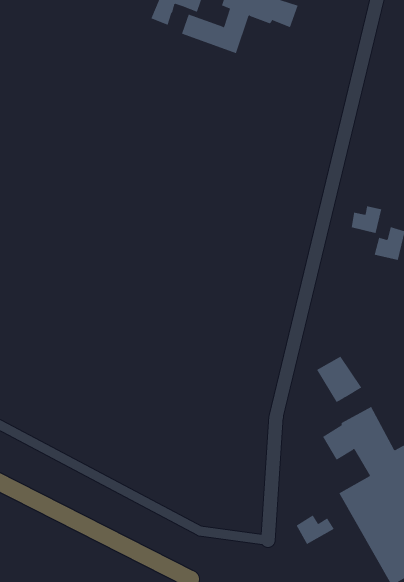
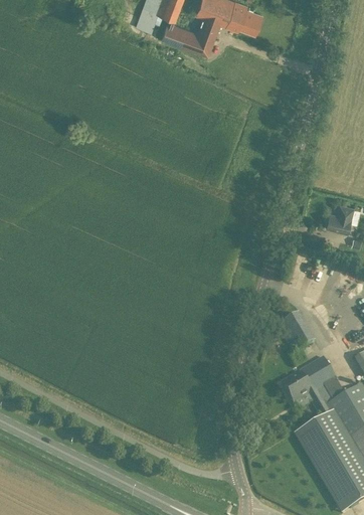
building: [351,206,382,234] -> none
building: [296,515,335,545] -> none

